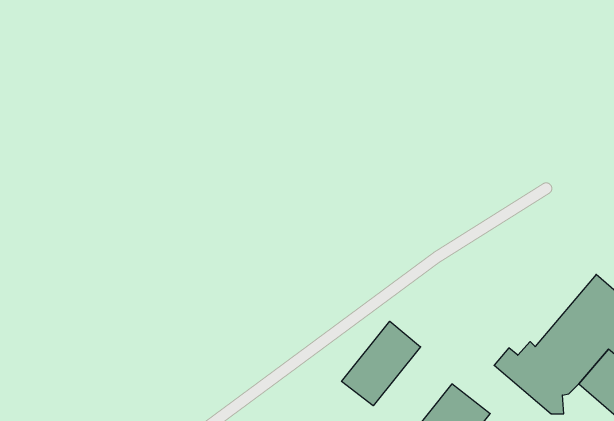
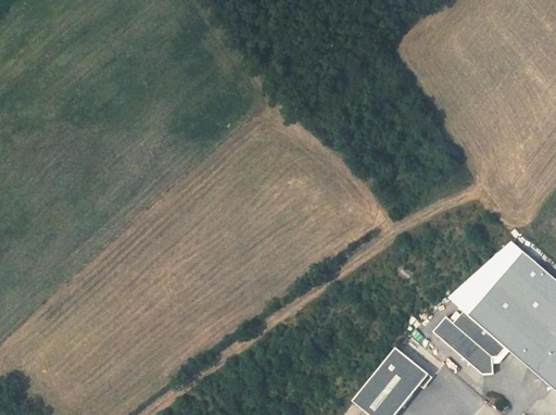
building: none -> [450,243,522,315]
building: [342,321,421,406] -> none

